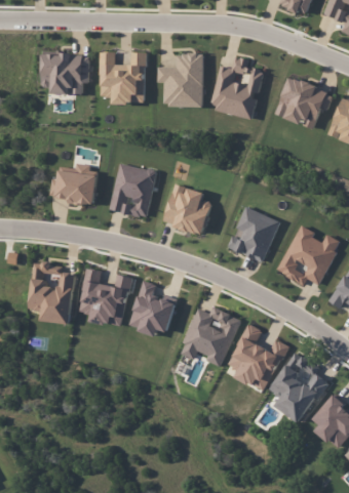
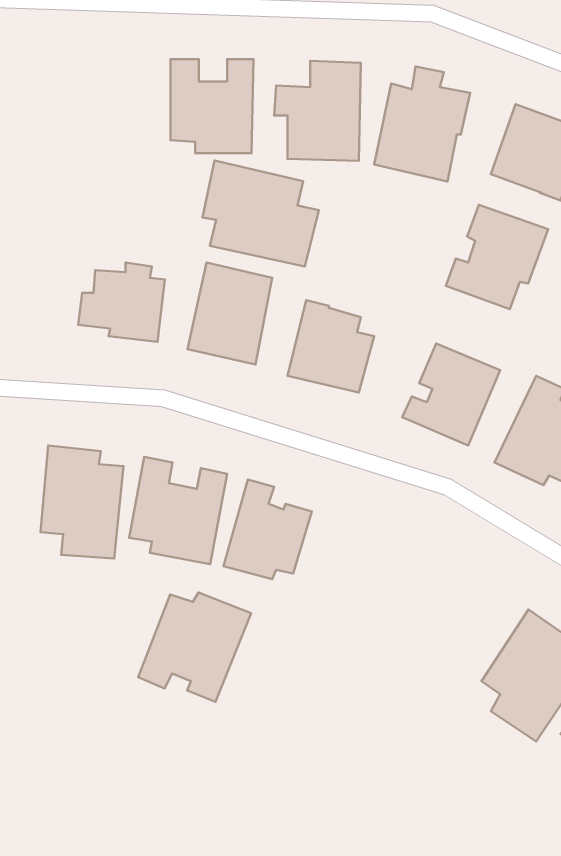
building: [41,52,90,94] -> none
building: none -> [202,160,319,267]
building: none -> [446,205,548,309]
building: [180,307,241,367] -> [138,592,251,702]
building: [228,324,287,392] -> none

